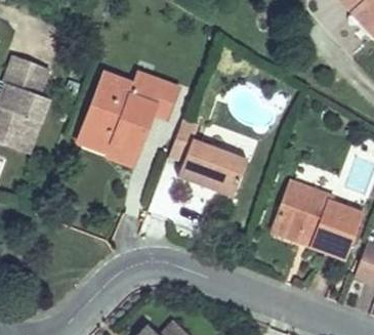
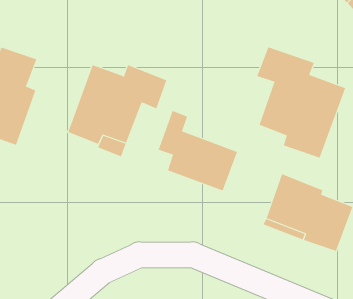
building: none -> [256,46,346,159]

